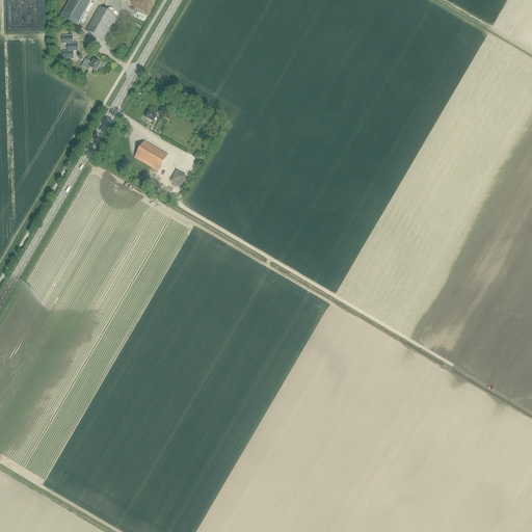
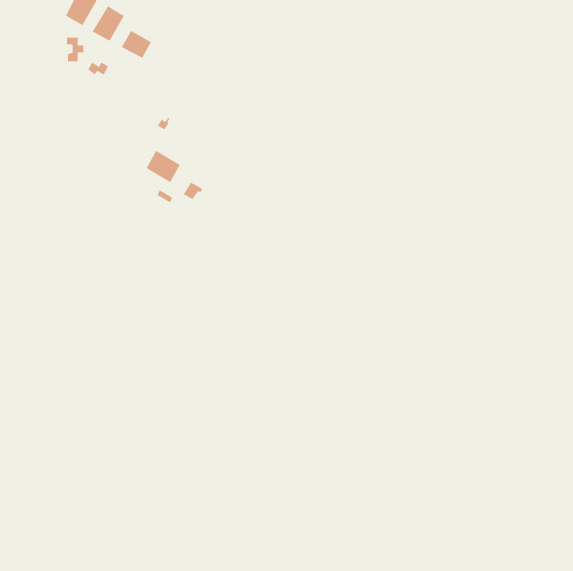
building: none -> [121,30,151,59]

